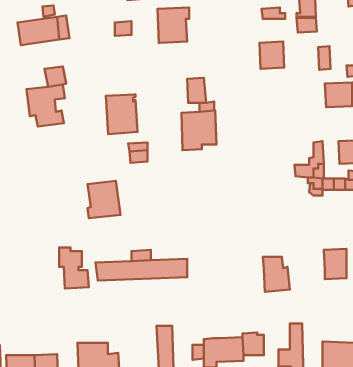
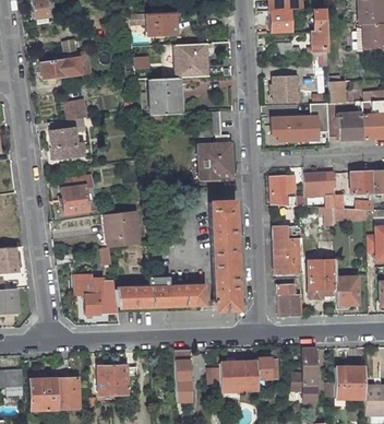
building: none -> [271,104,329,142]
building: [106,95,138,134] -> [149,78,180,116]
building: none -> [304,174,326,207]
building: none -> [62,176,93,214]
building: none -> [271,176,296,205]
building: none -> [211,202,238,310]
building: none -> [273,227,302,273]
building: none -> [309,260,337,303]

